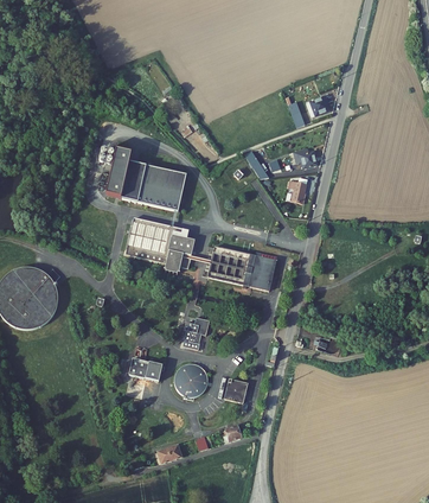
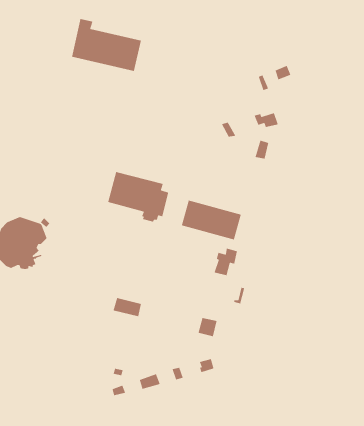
building: [107,148,186,209] -> [71,18,142,72]
building: [184,316,211,348] -> [214,248,238,276]
building: [174,362,209,396] -> none

